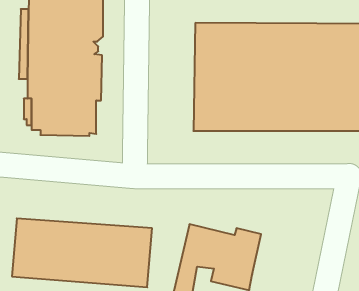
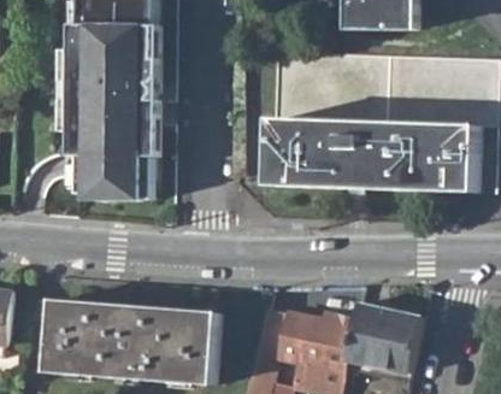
building: none -> [344,301,424,370]

